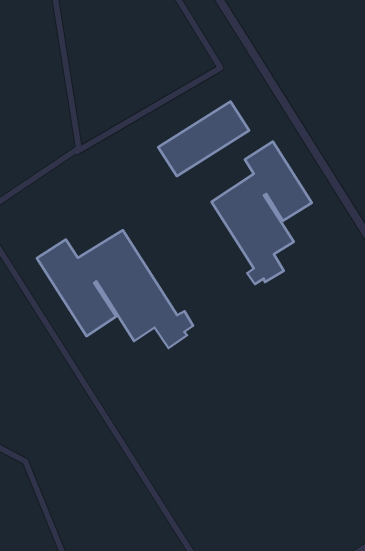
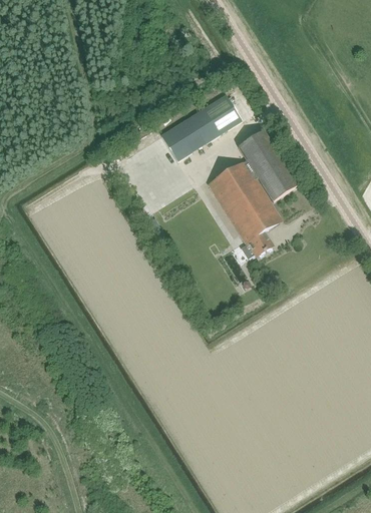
building: [37,230,193,348] -> none

